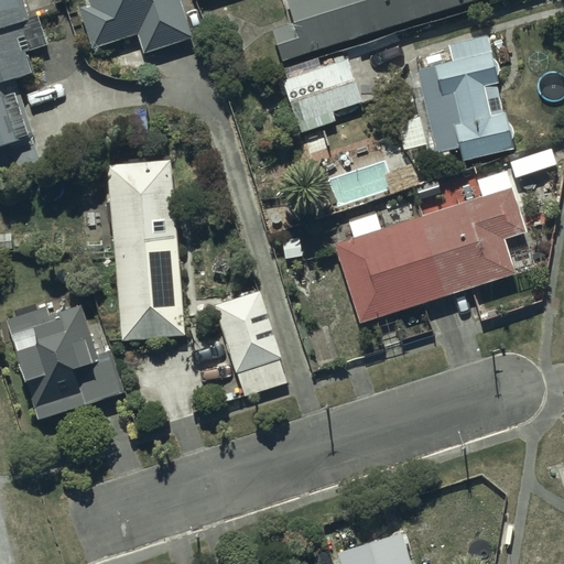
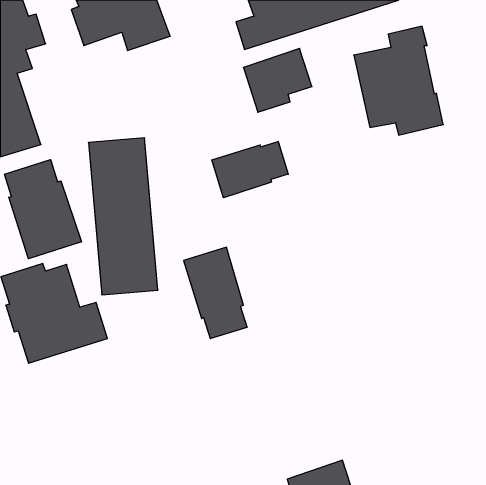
building: none -> [212,141,288,198]
building: [334,173,524,321] -> none
building: none -> [5,160,81,259]

